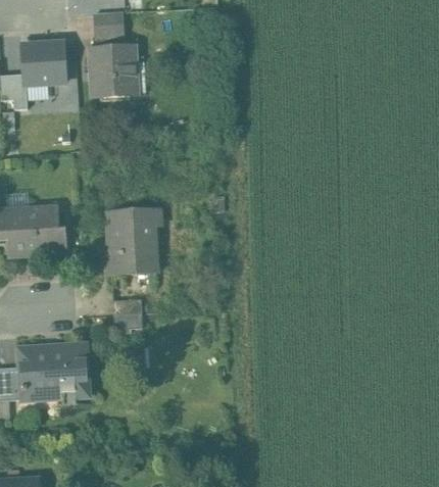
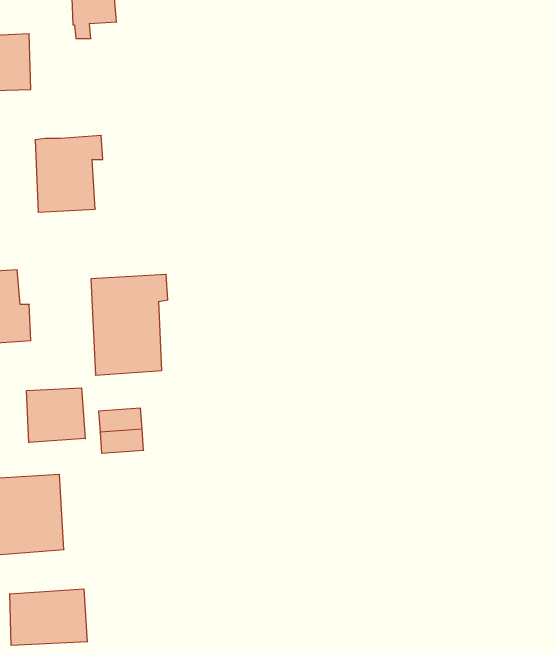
building: [90,45,136,97] -> [35,135,103,212]
building: none -> [27,388,85,443]
building: none -> [10,589,87,645]

